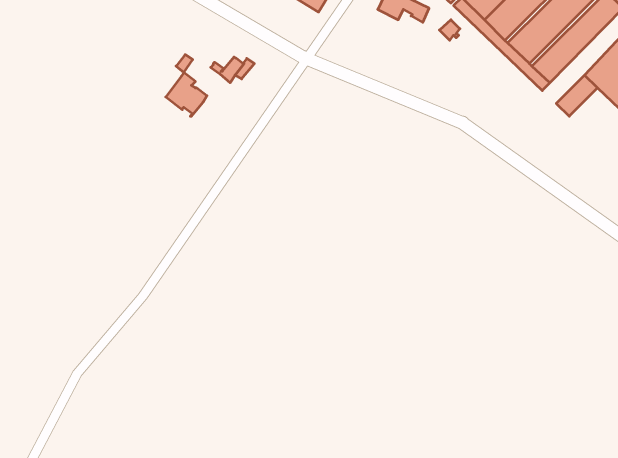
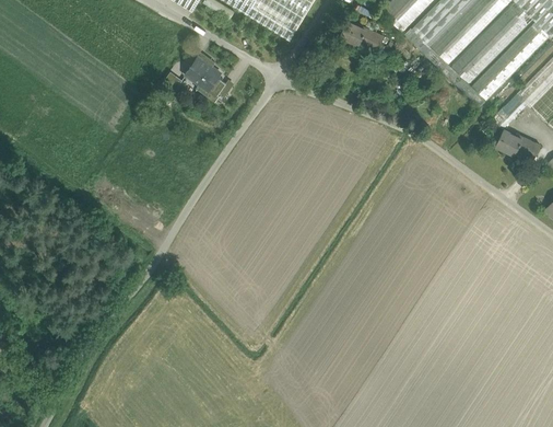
building: [166,73,207,116] -> [186,53,221,90]
building: none -> [496,129,540,157]

